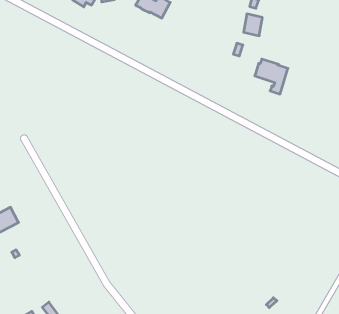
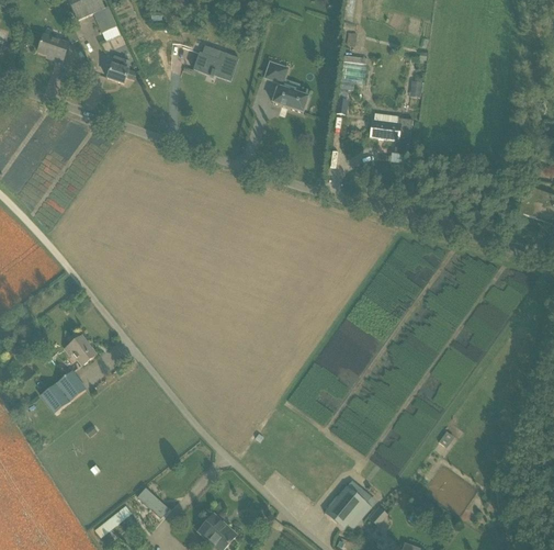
building: none -> [264,60,308,111]
building: none -> [64,334,97,364]

